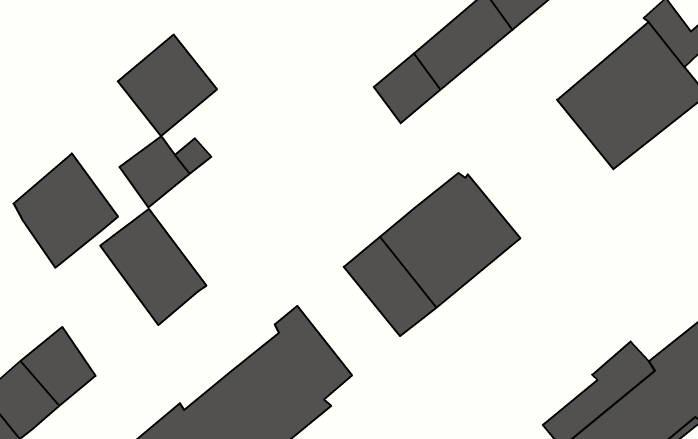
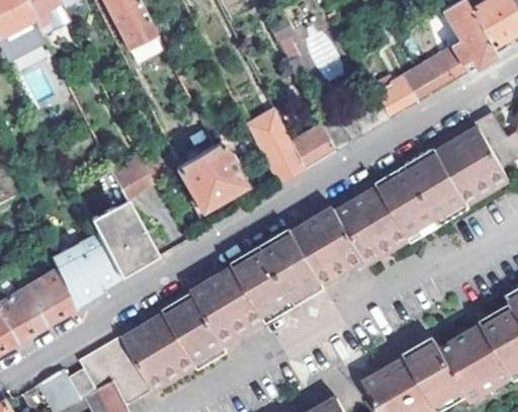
building: [118,35,217,136] -> [175,142,241,209]
building: none -> [246,108,303,182]
building: none -> [342,168,440,265]
building: [13,153,118,268] -> [50,229,118,304]
building: none -> [213,257,279,331]

